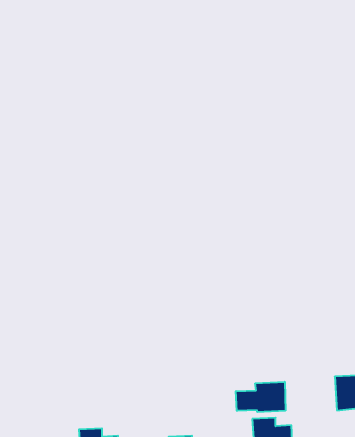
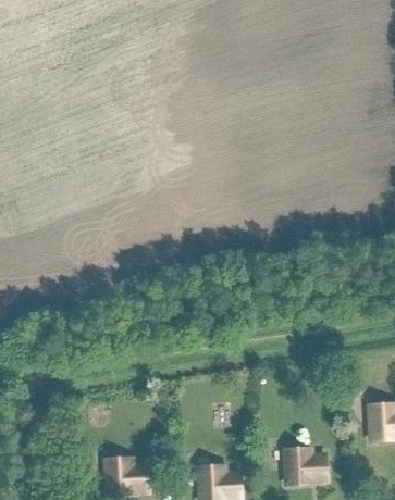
building: [236,382,285,412] -> none

